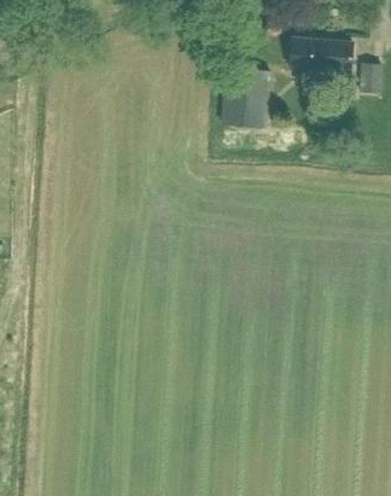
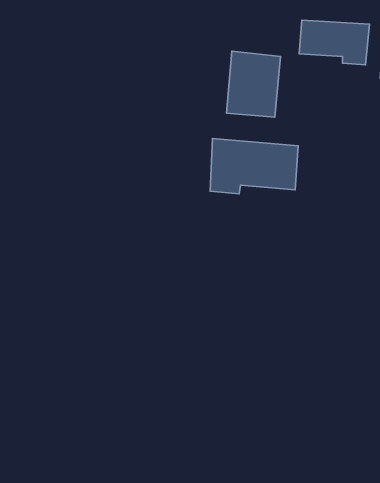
building: none -> [210,139,298,194]

